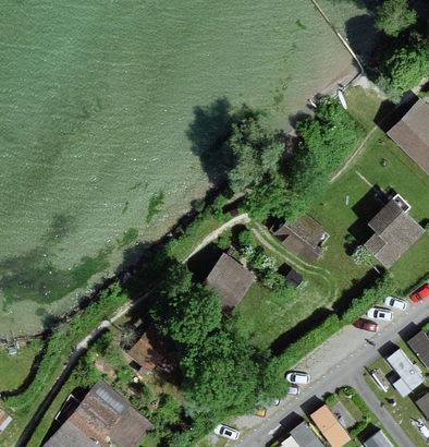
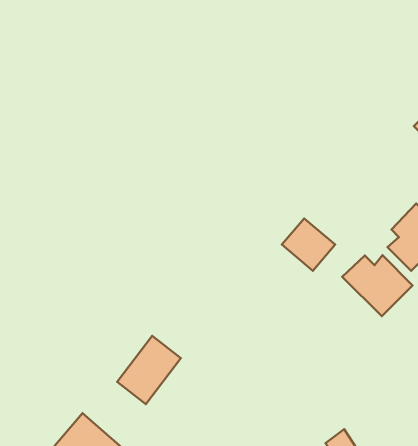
building: none -> [342,255,413,316]
building: [199,257,249,310] -> none

